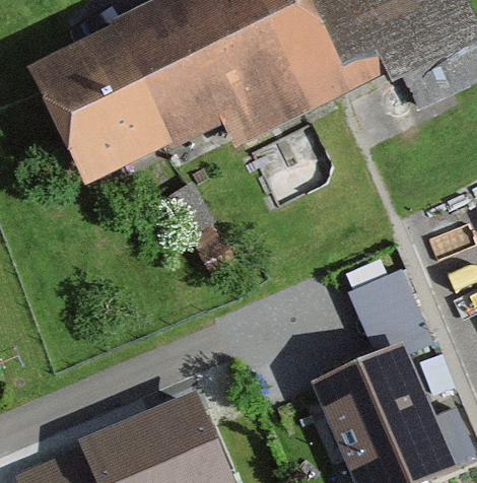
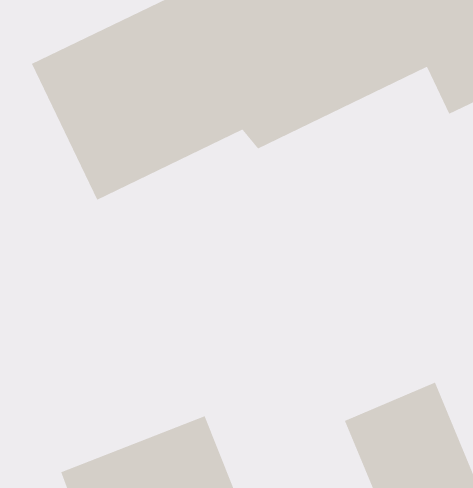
building: [350,268,429,357] -> none

